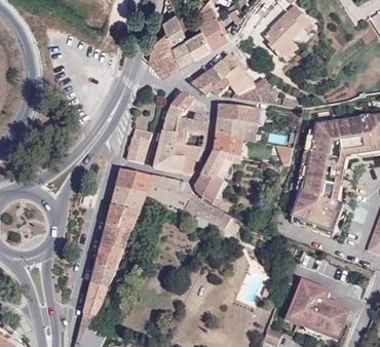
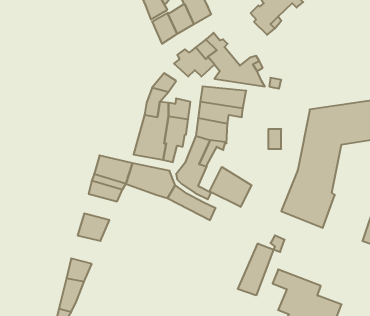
building: [149,28,180,77] -> none
building: [126,128,151,163] -> none
building: none -> [210,167,252,207]
building: [107,204,138,229] -> none
building: [94,243,122,270] -> none
building: none -> [238,243,274,295]

